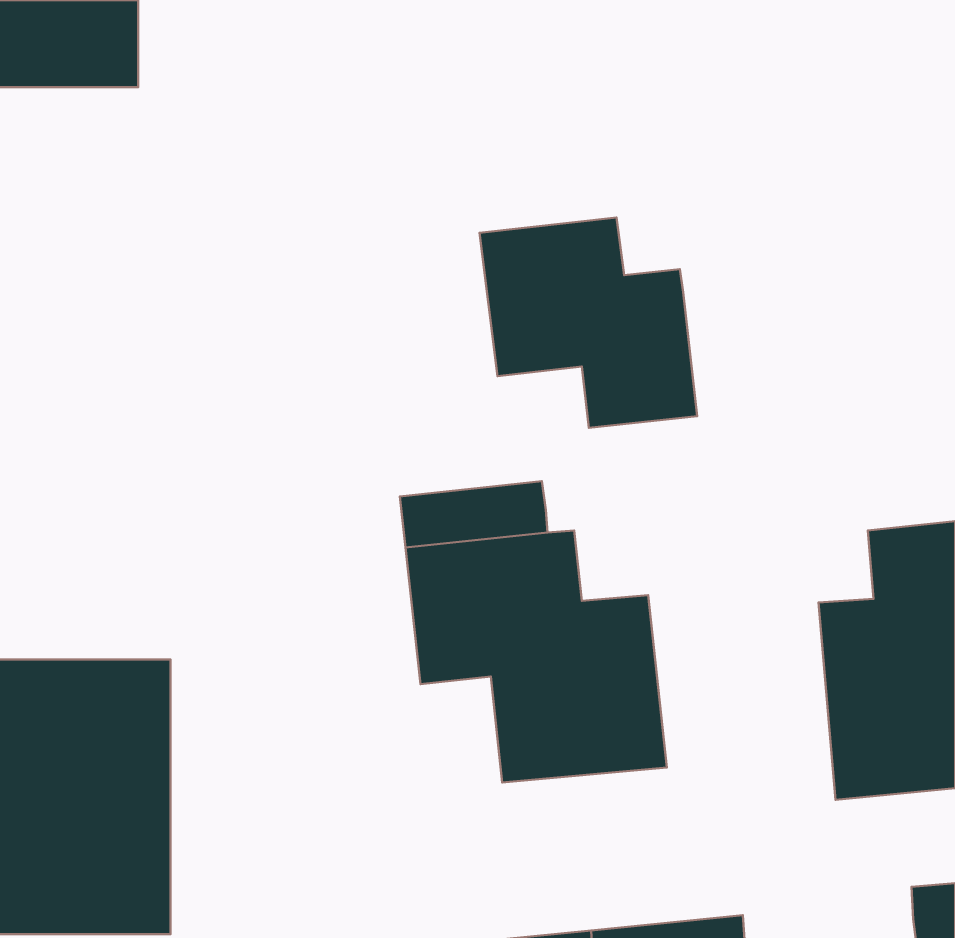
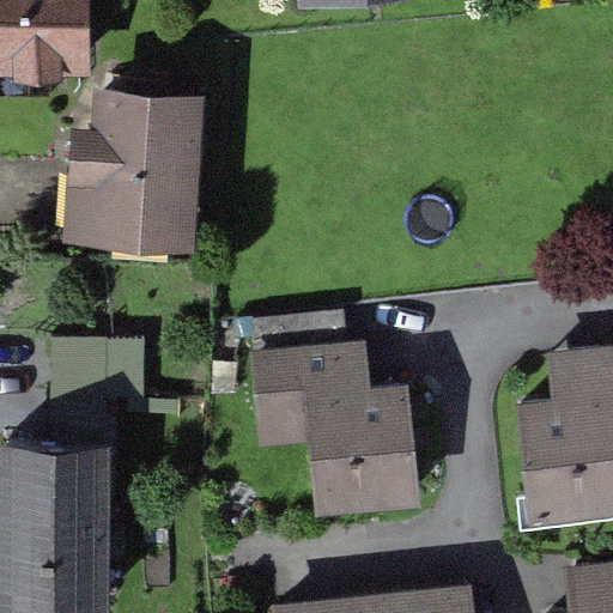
building: none -> [63,80,205,245]
building: [479,218,697,428] -> none

